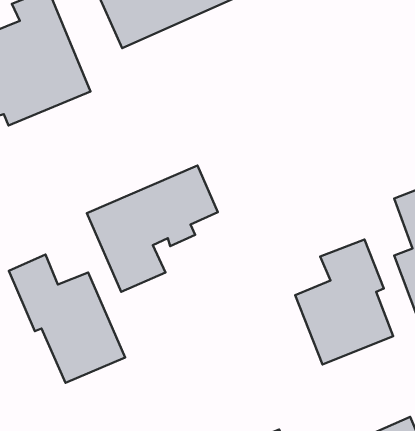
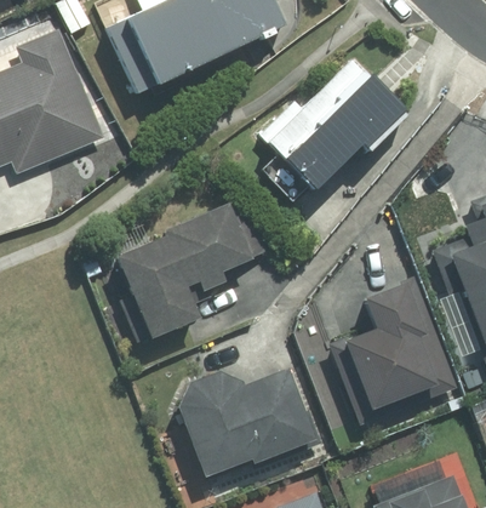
building: none -> [258,58,402,204]
building: [9,254,125,383] -> none
building: none -> [176,371,316,478]

